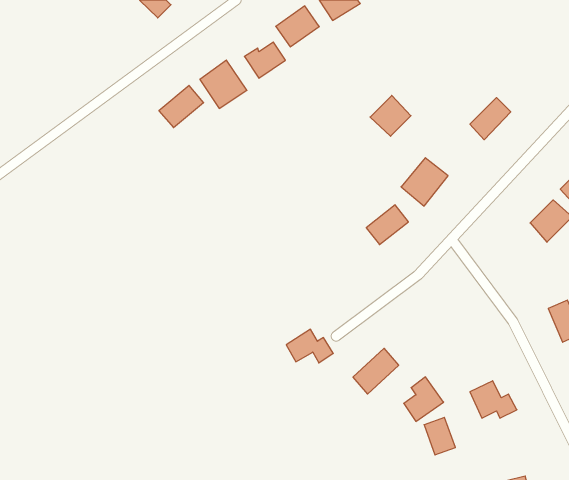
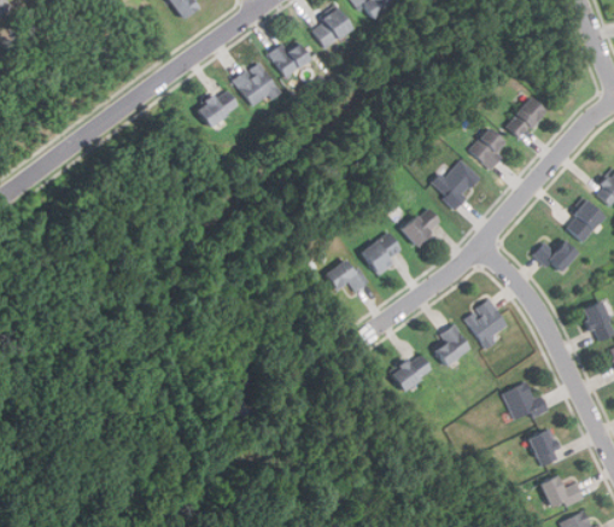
building: [370,95,411,136] -> [468,127,509,168]
building: none -> [356,228,400,271]
building: none -> [532,239,577,274]
building: none -> [464,298,510,345]
building: [286,329,333,363] -> [322,258,369,292]
building: [404,377,444,421] -> [432,322,472,367]
building: [424,417,455,455] -> [528,429,560,467]

